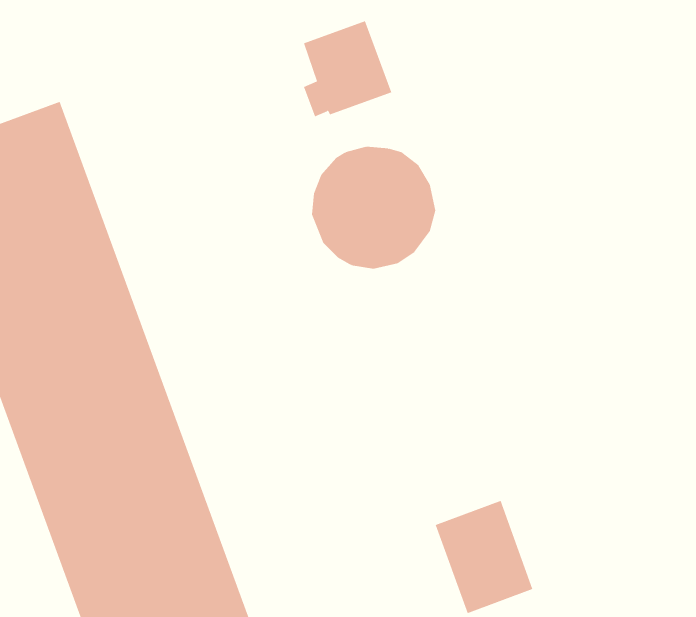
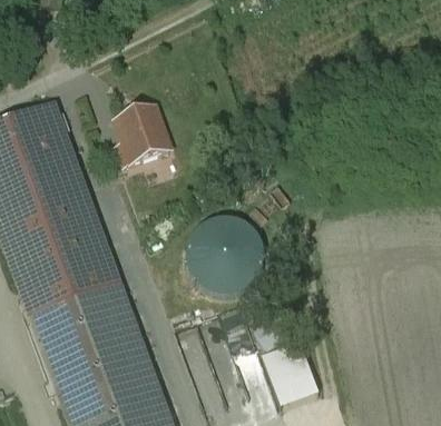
building: [303,21,392,117] -> [116,105,168,161]
building: [311,146,436,269] -> [188,215,262,287]

